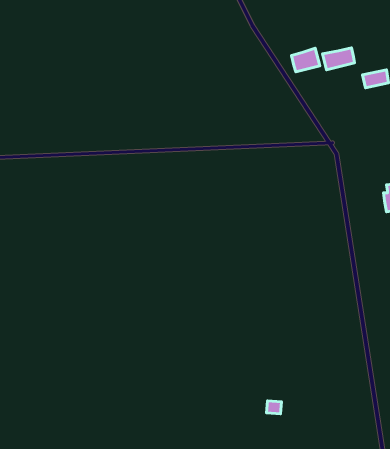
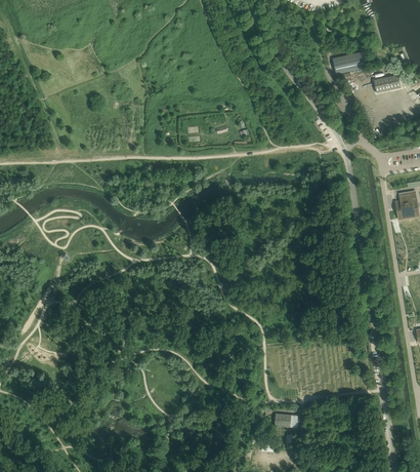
building: [291,48,320,72] -> none

